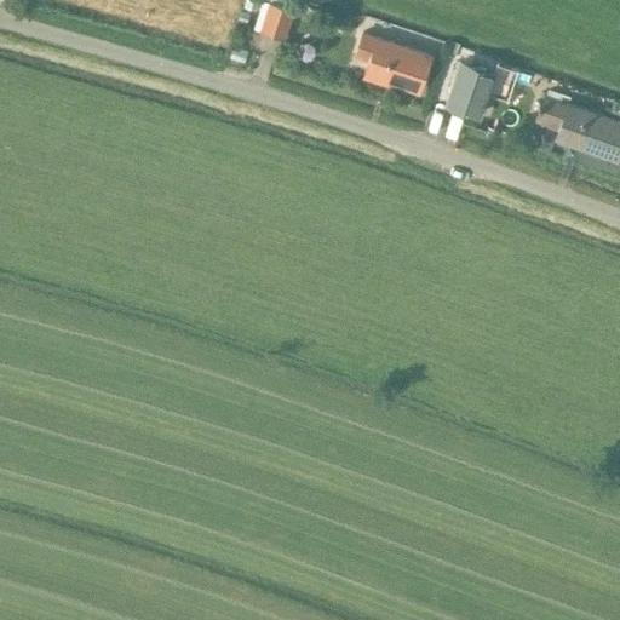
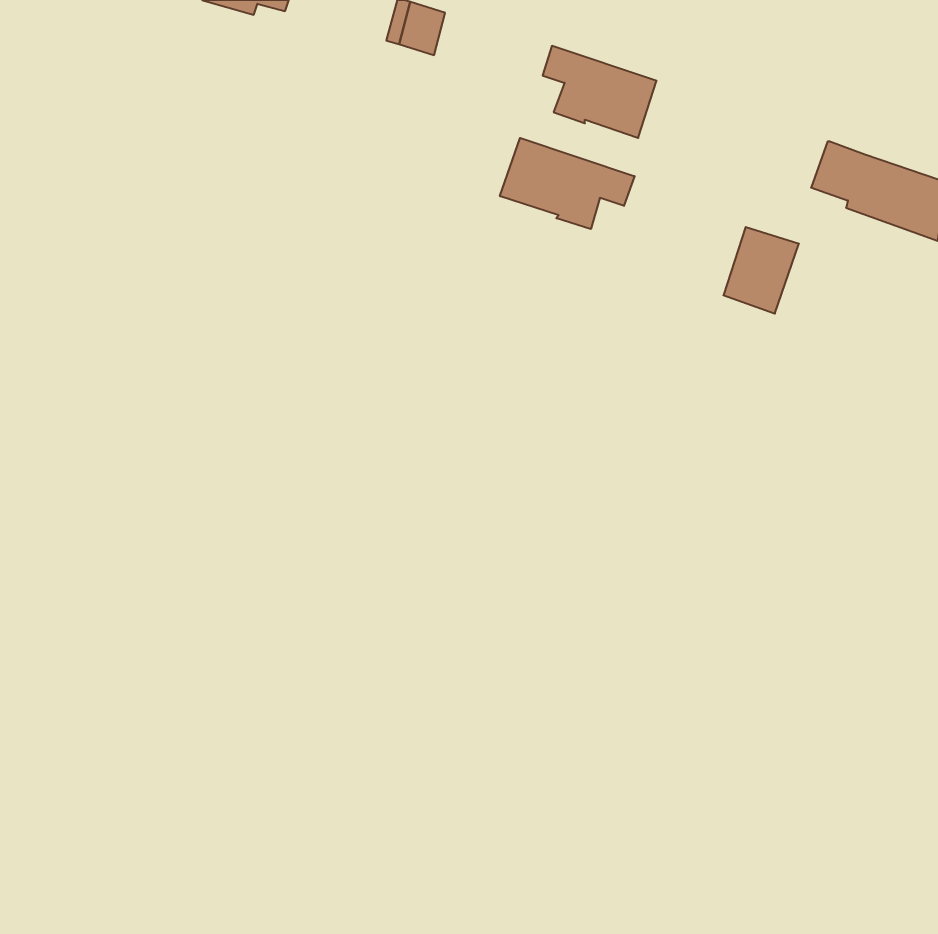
building: [446,63,495,120] -> [723,227,799,314]
building: none -> [500,138,635,229]

